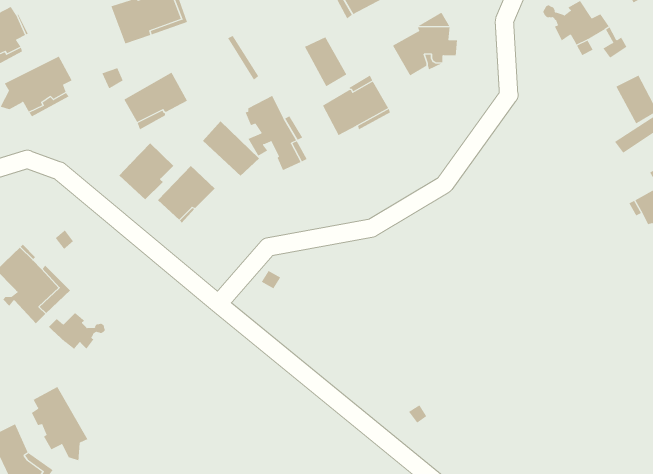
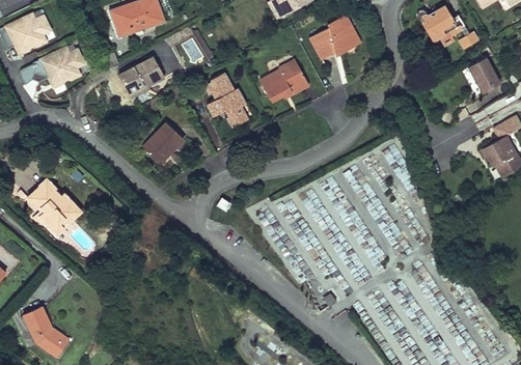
building: [304,36,347,87] -> none
building: [202,121,260,177] -> none
building: [119,142,174,200] -> none
building: [48,312,106,350] -> none
building: [31,386,88,461] -> none

